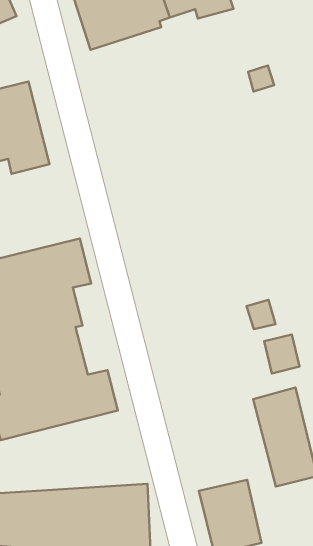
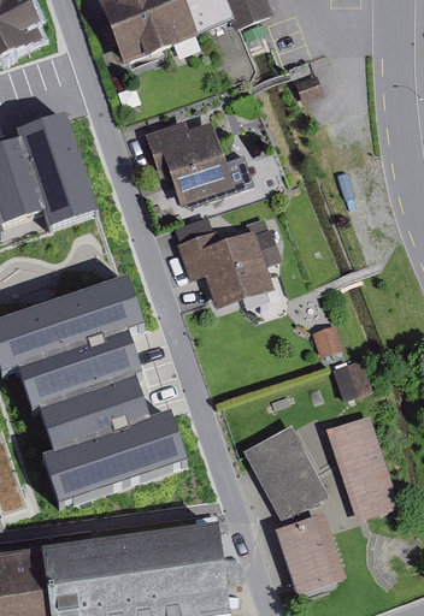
building: none -> [143,120,234,207]
building: none -> [175,229,282,312]
building: none -> [242,426,328,522]

